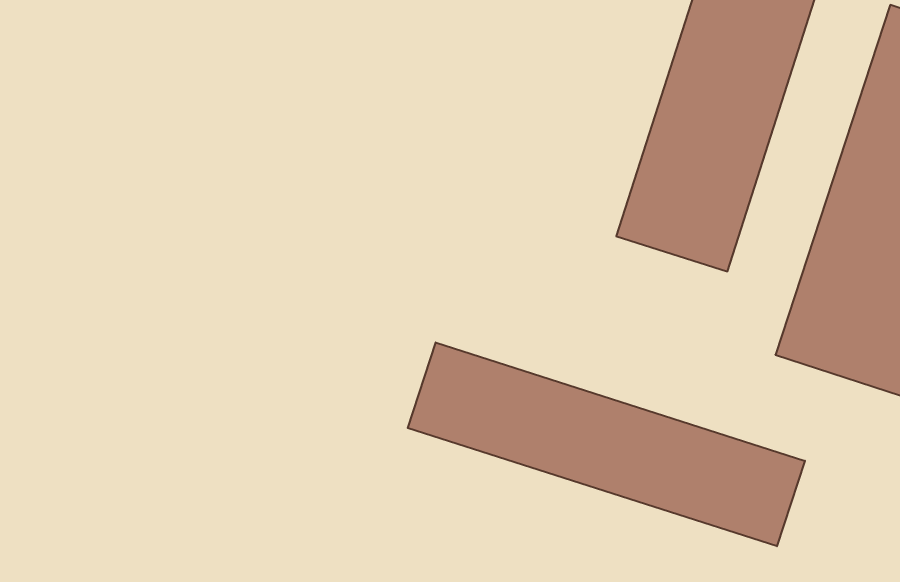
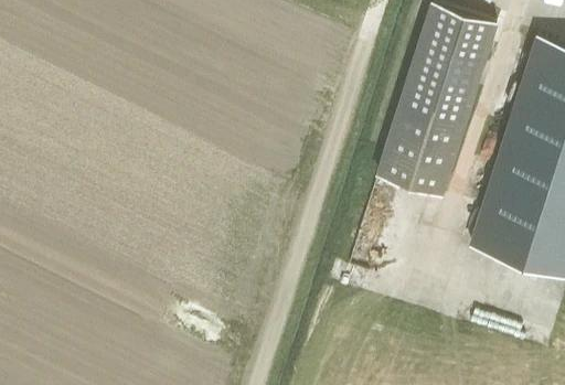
building: [408,342,805,546] -> none

